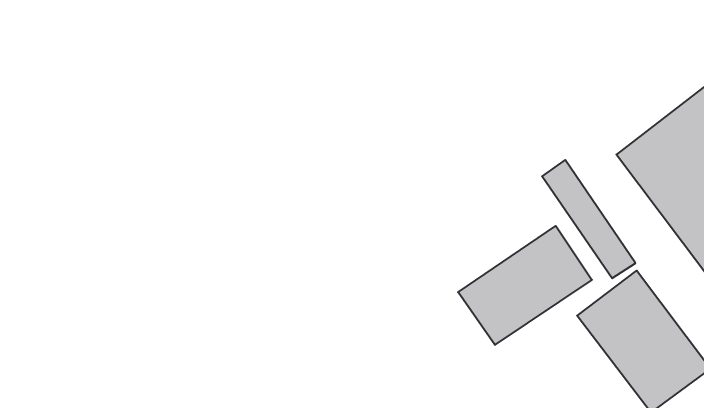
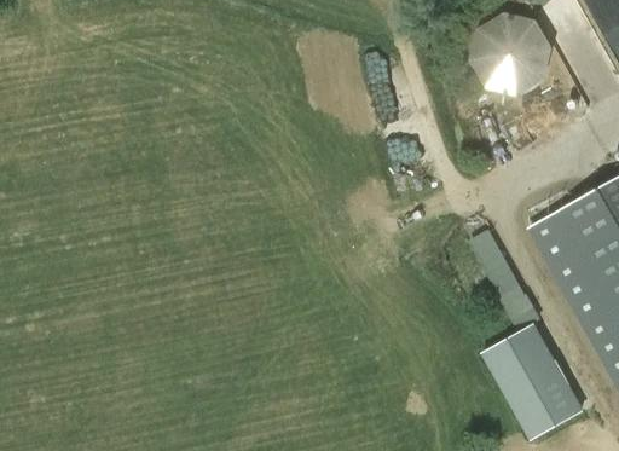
building: [458,226,592,345] -> none

